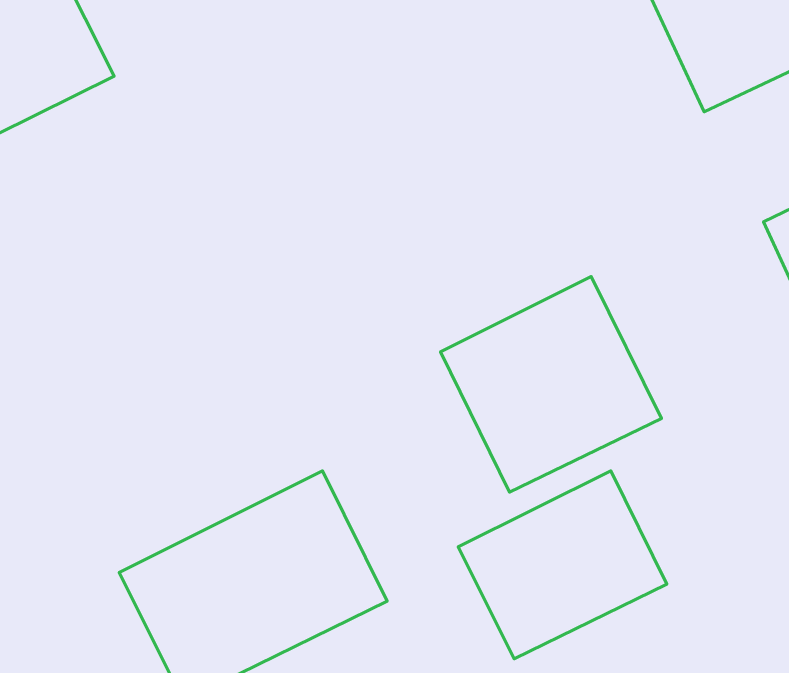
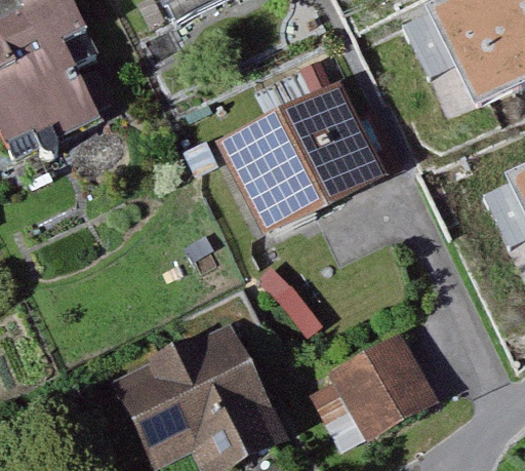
building: none -> [219,83,382,235]
building: [441,277,662,492] -> none

